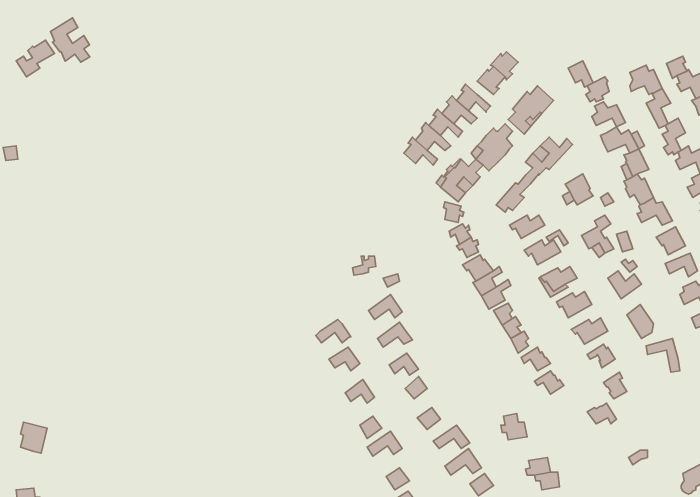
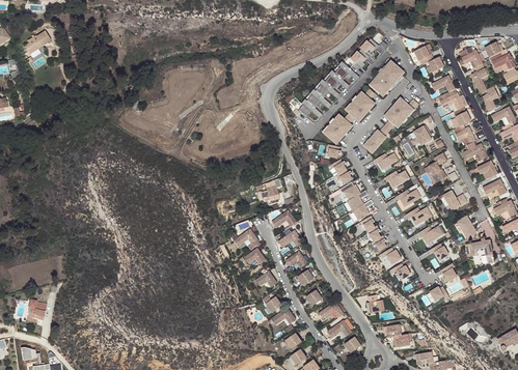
building: [50,18,90,62] -> none

